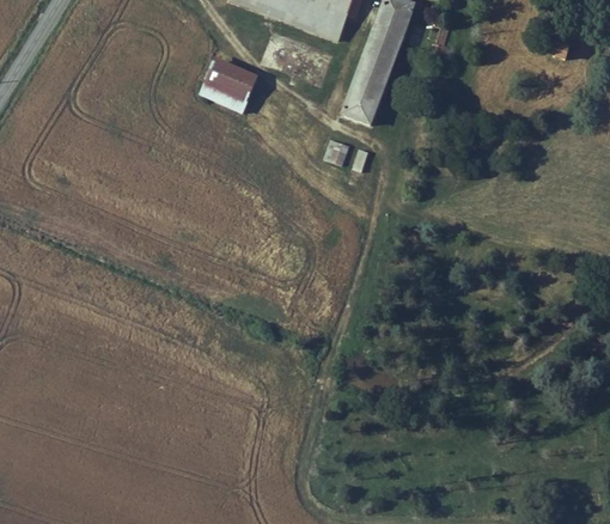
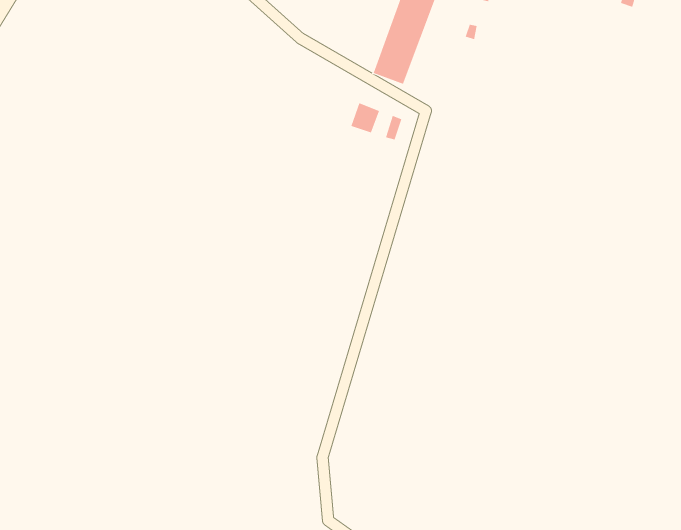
building: [202,60,257,109] -> none

